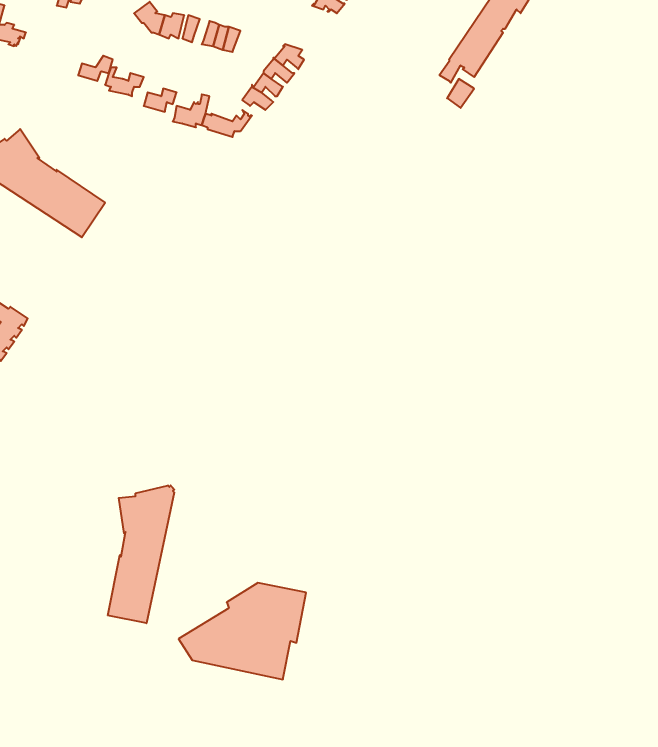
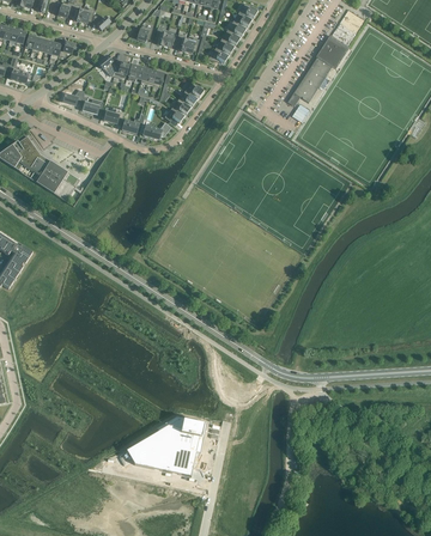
building: [108,485,174,623] -> none

